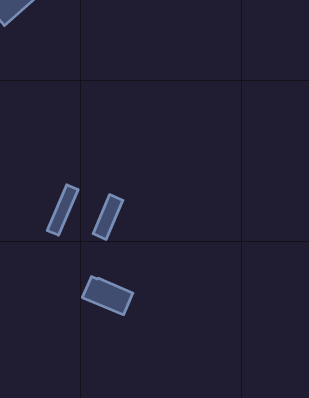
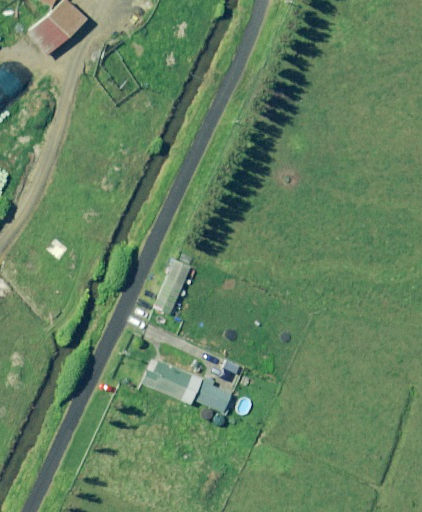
building: [47,185,78,235] -> none
building: none -> [193,376,232,413]

